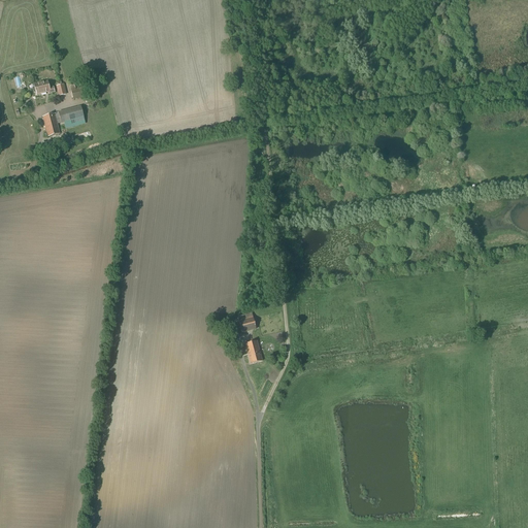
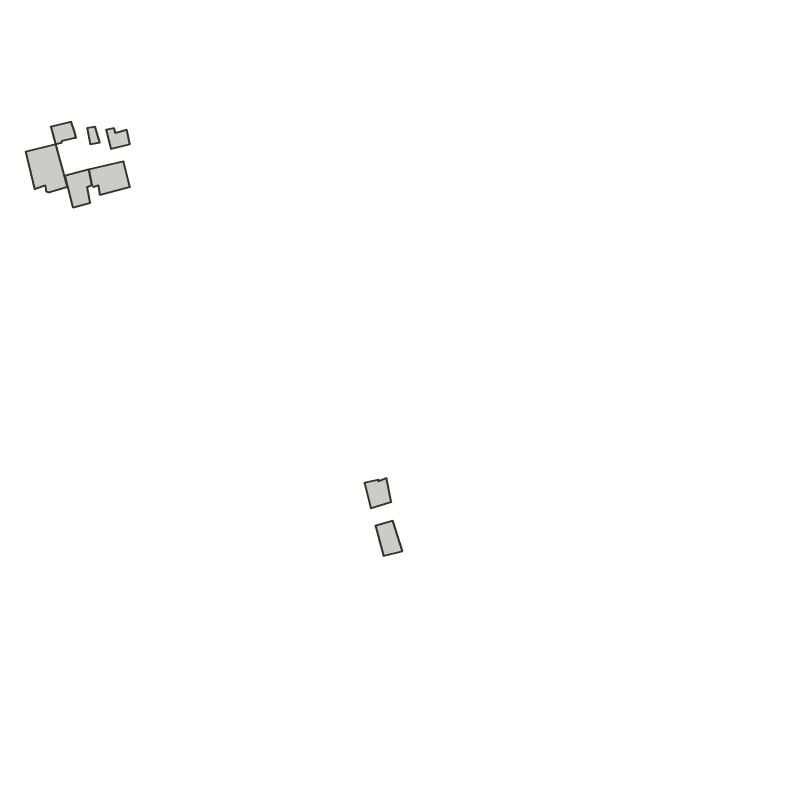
building: none -> [26,144,67,193]

